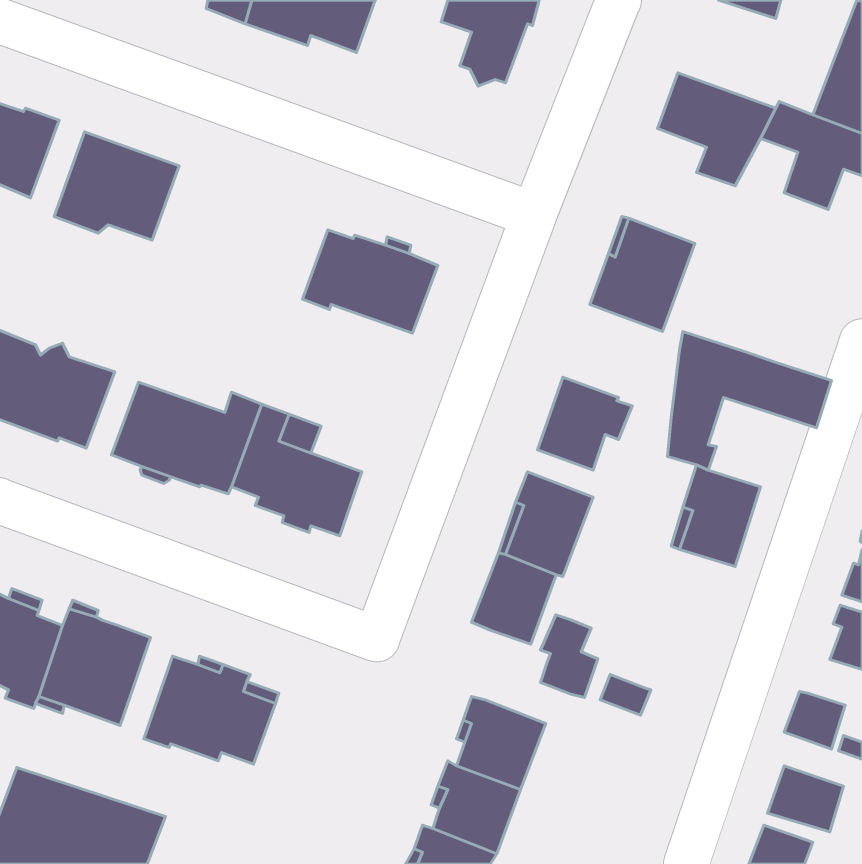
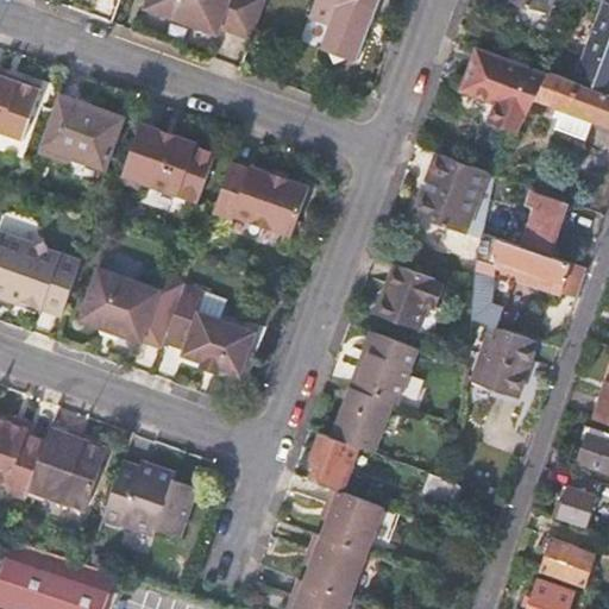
building: none -> [119,121,215,216]
building: none -> [525,190,563,255]
building: [541,615,598,698] -> [310,434,351,492]

